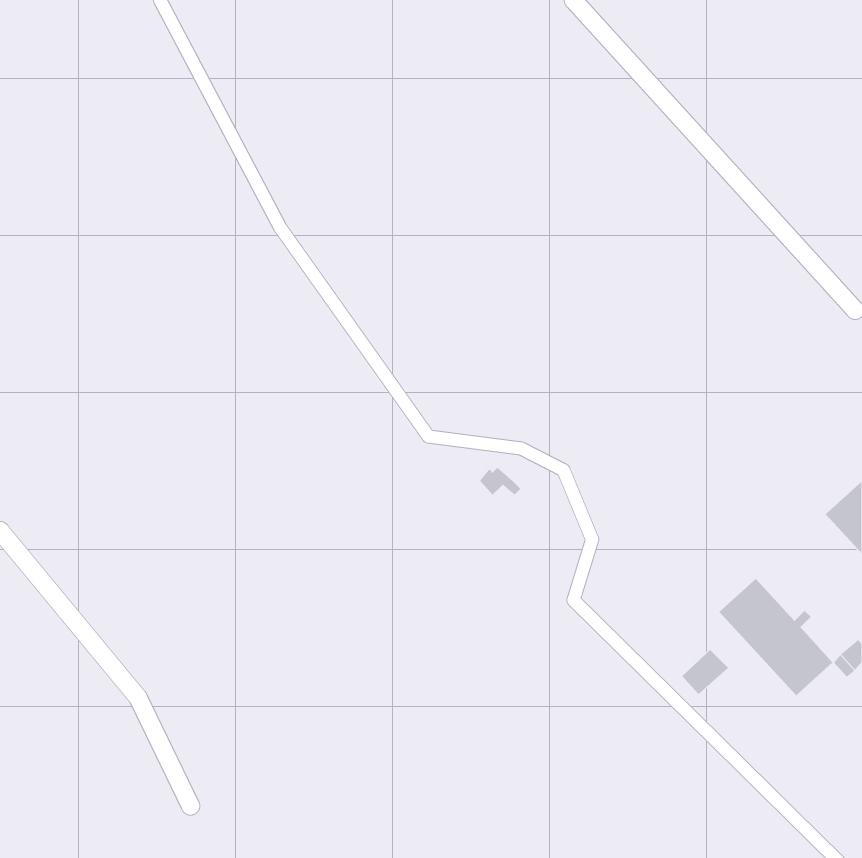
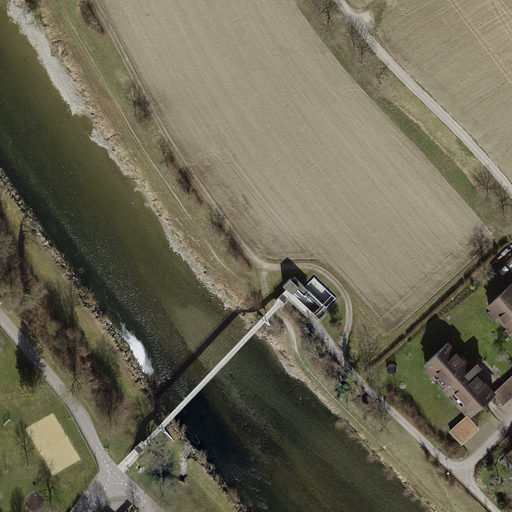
building: [681,649,729,695] -> [451,418,479,445]

